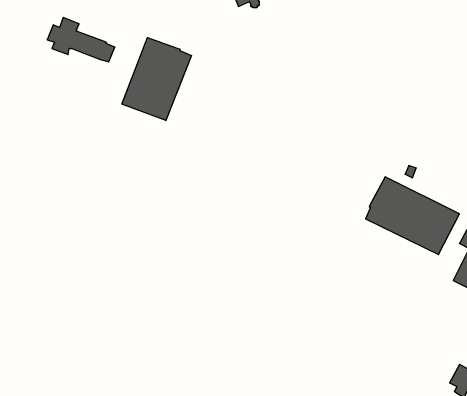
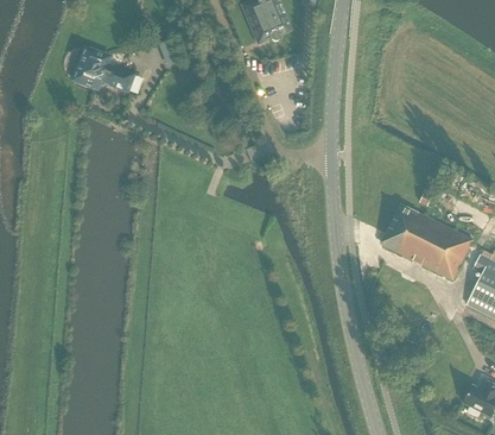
building: [122,38,191,121] -> none

